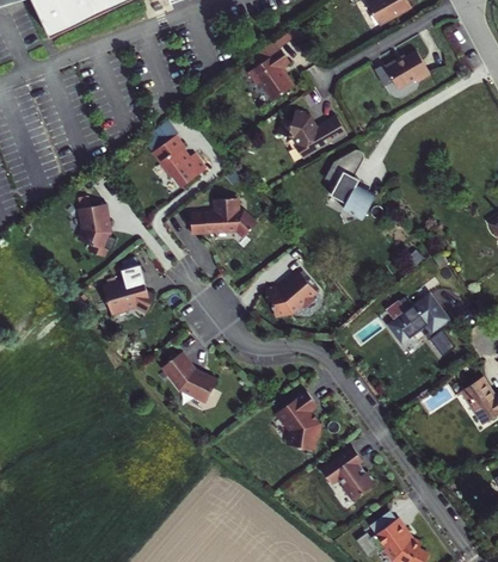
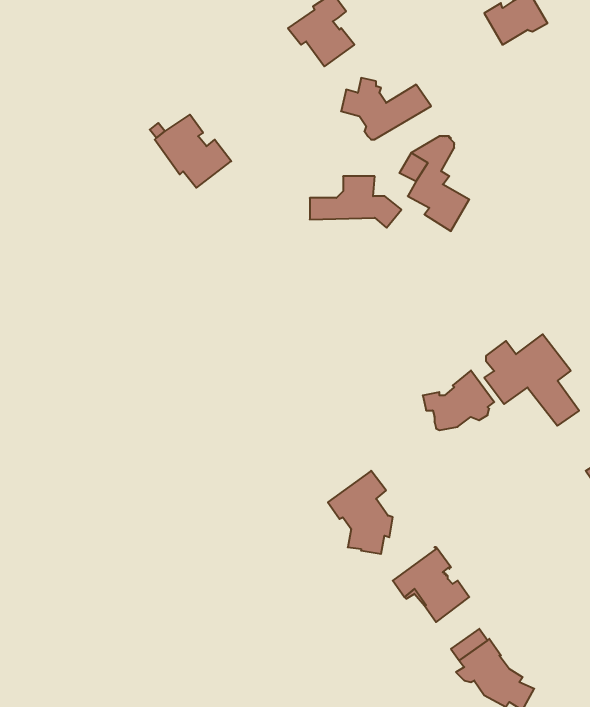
building: [189,199,254,236] -> [310,176,401,228]
building: [79,200,109,254] -> none
building: [102,264,153,310] -> none
building: [264,270,315,313] -> [423,370,494,430]
building: [161,350,216,399] -> none

